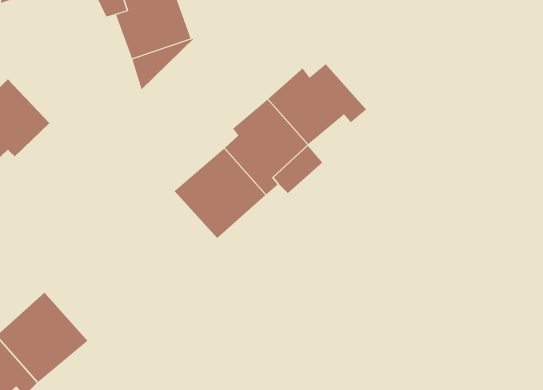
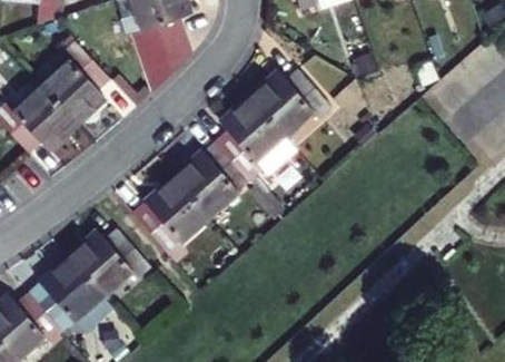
building: none -> [39,39,109,121]
building: none -> [135,177,210,252]
building: none -> [69,229,151,300]

